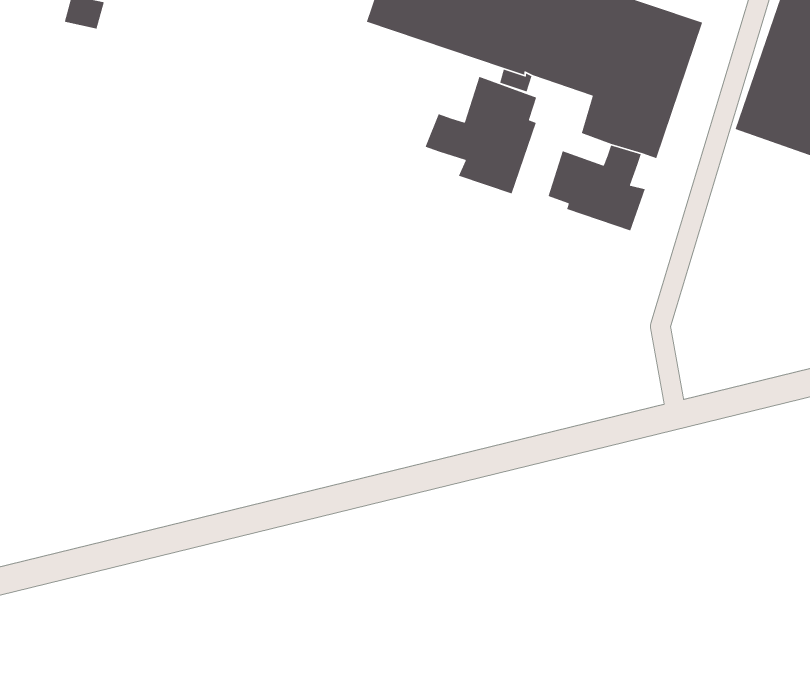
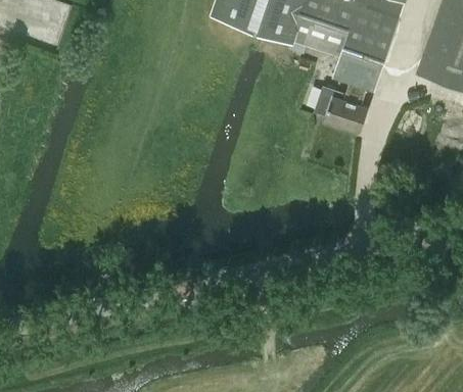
building: [424,76,537,195] -> none

